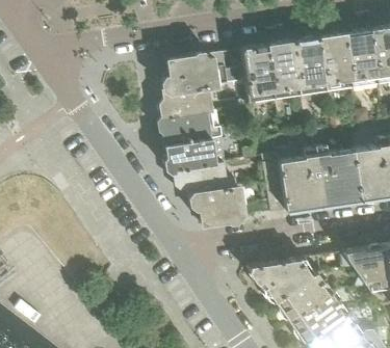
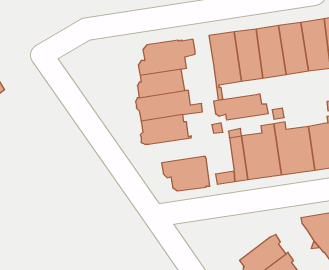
building: [175,163,236,192] -> [214,94,268,120]
building: [249,260,311,303] -> none

